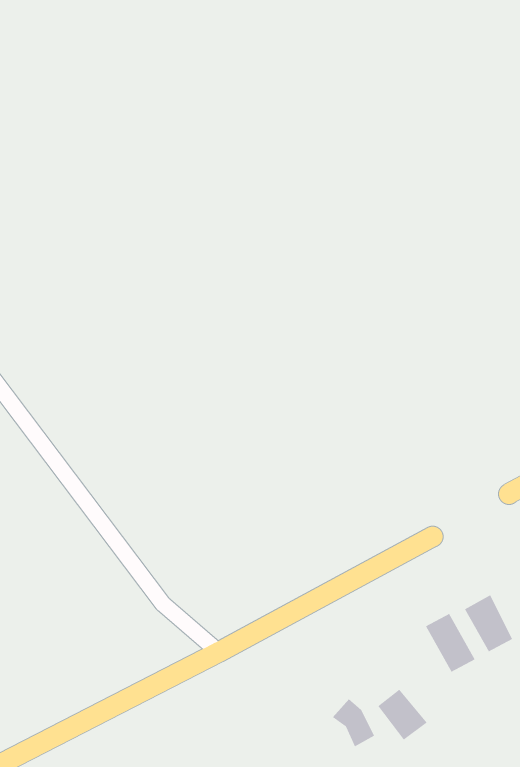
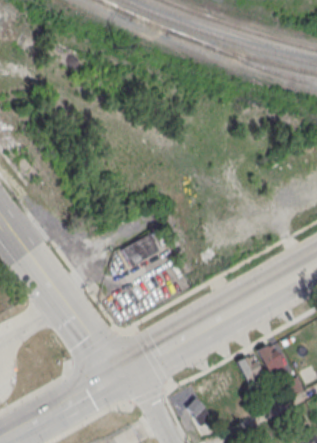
building: none -> [124,234,160,266]
building: [378,689,428,741] -> none

